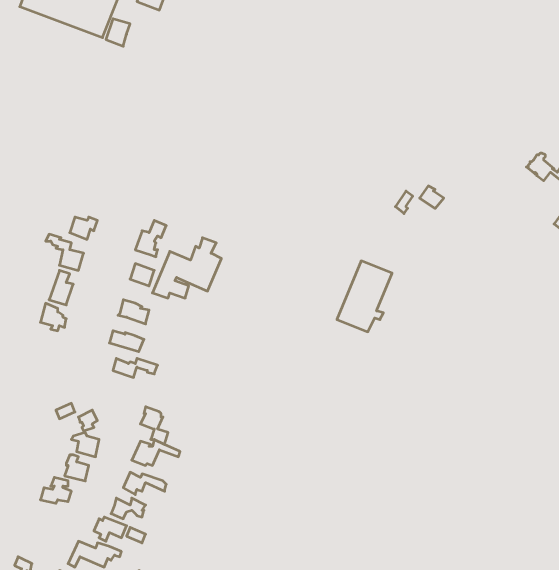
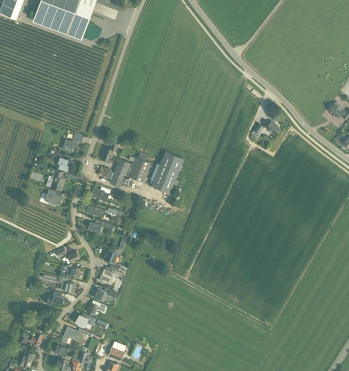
building: [337,261,392,332] -> [151,151,183,192]

